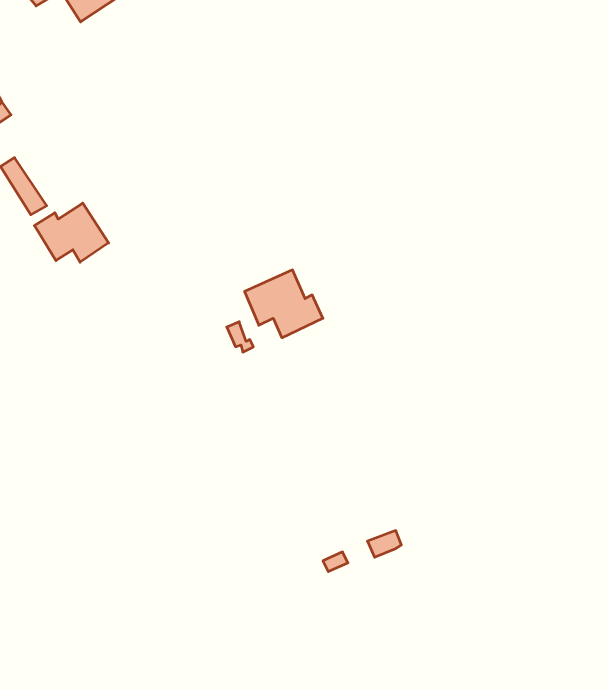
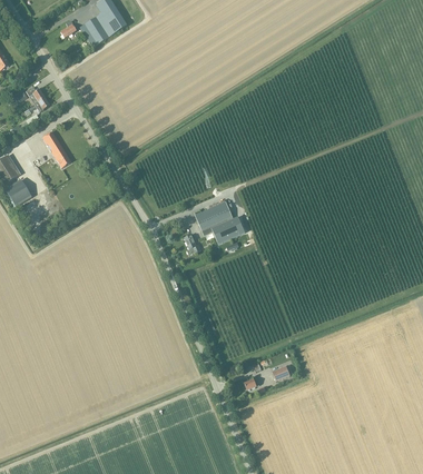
building: [34,203,109,262] -> none

